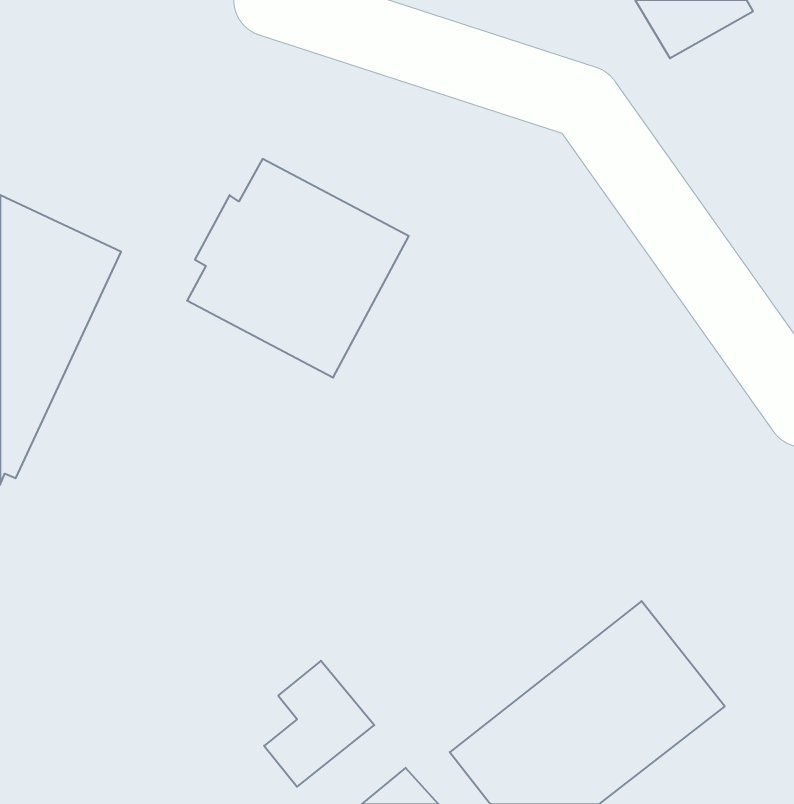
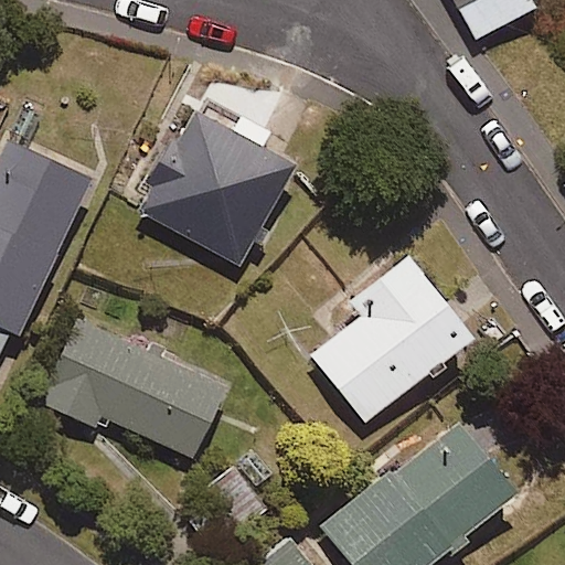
building: none -> [311,258,469,423]
building: none -> [34,317,225,459]

